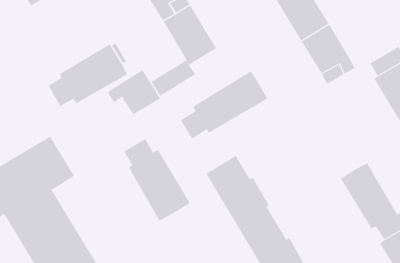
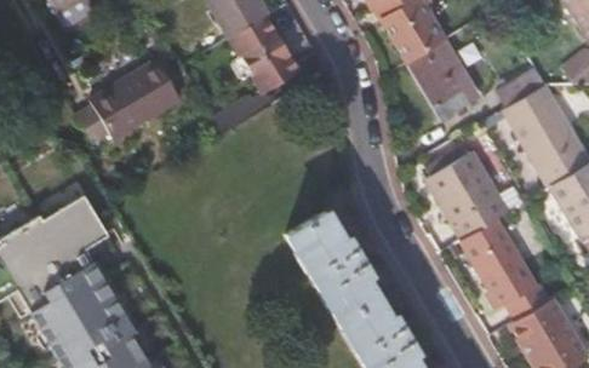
building: [107,69,161,115] -> none
building: [180,70,268,139] -> none
building: none -> [425,150,507,238]
building: [123,138,191,222] -> none

